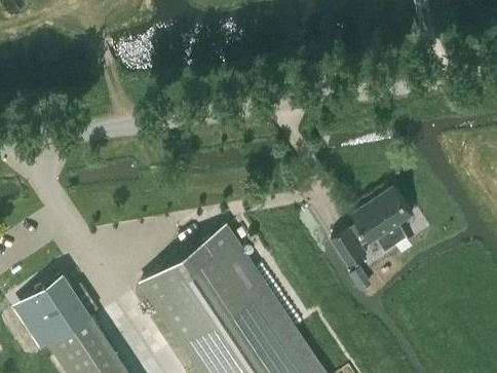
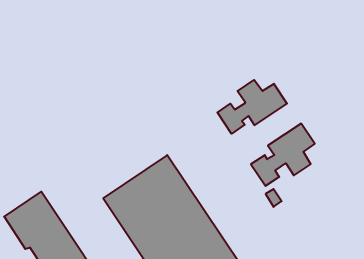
building: none -> [217,80,287,134]

